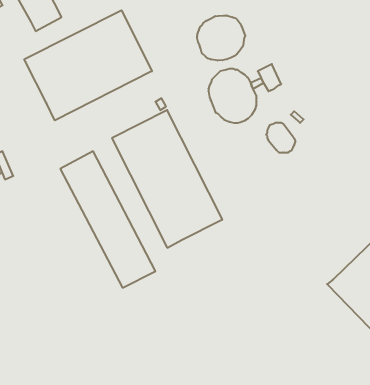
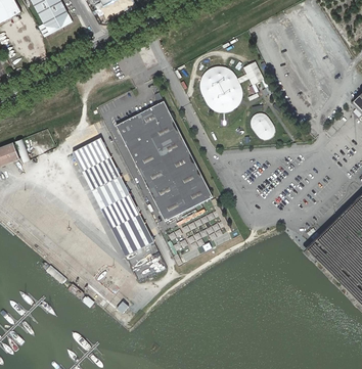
building: [24,10,152,120] -> none
building: [197,15,245,61] -> none

